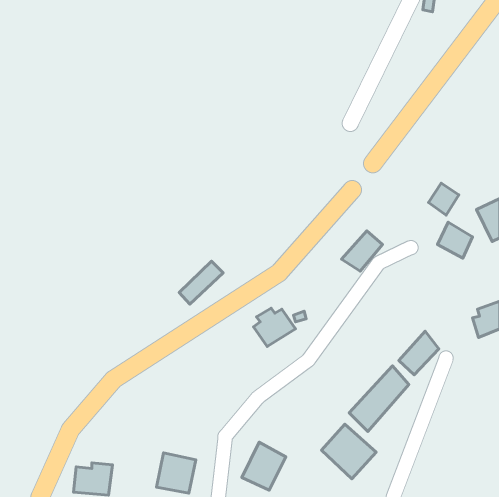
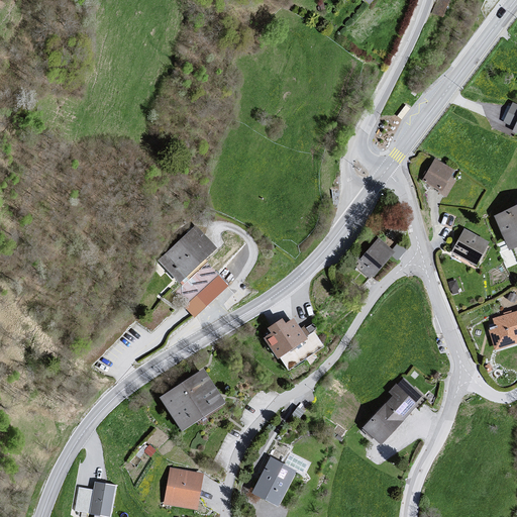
building: [429,183,459,215] -> [422,159,453,192]
building: none -> [158,225,215,281]
building: [399,331,439,375] -> none
building: none -> [158,371,224,431]
building: [321,424,376,479] -> none

